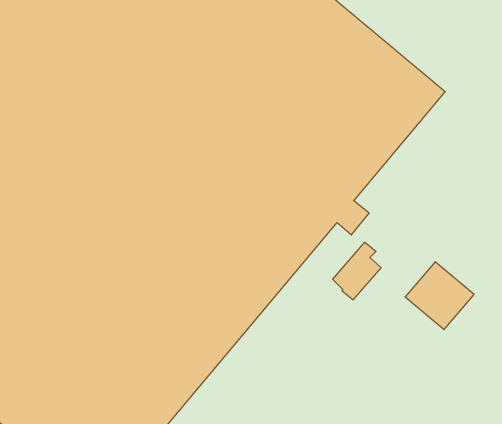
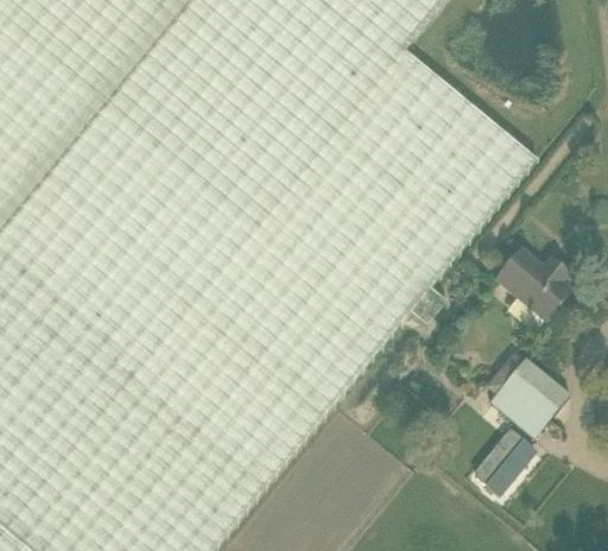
building: none -> [495,248,570,321]
building: [333,242,381,300] -> [475,429,531,495]

